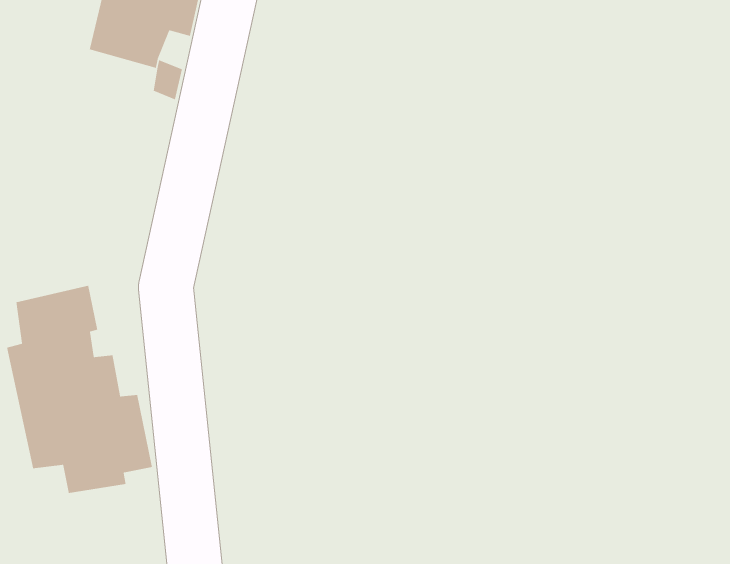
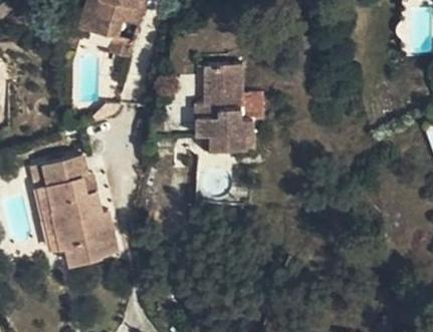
building: none -> [193,65,252,149]

